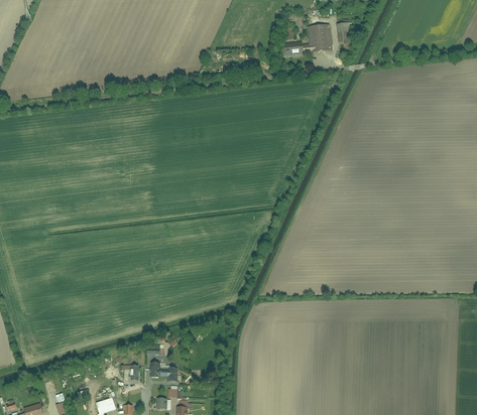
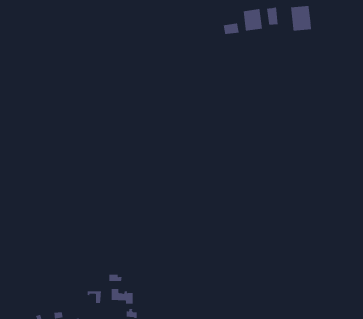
building: none -> [291,5,312,31]

